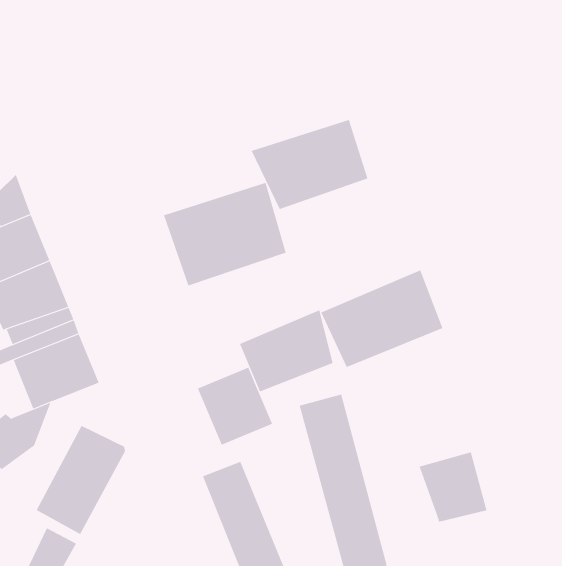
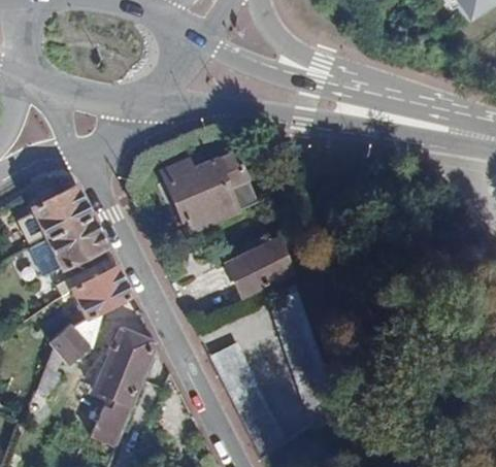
building: [251,119,368,210] -> none
building: [320,270,443,368] -> none
building: [197,367,273,445] -> none
building: [419,452,487,523] -> none

